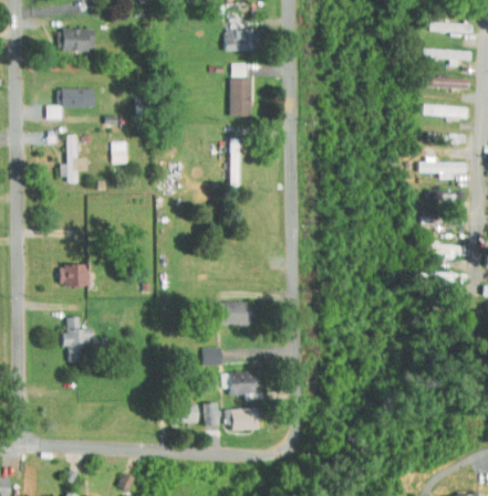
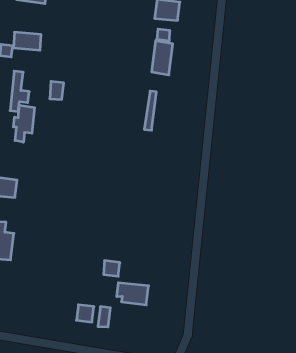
building: none -> [13,105,35,142]
building: [221,302,250,325] -> none
building: [230,408,259,432] -> none

